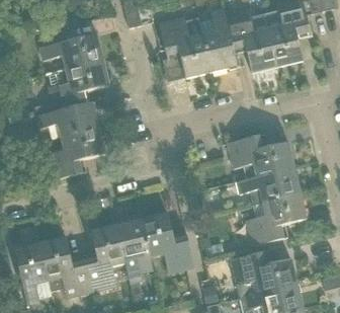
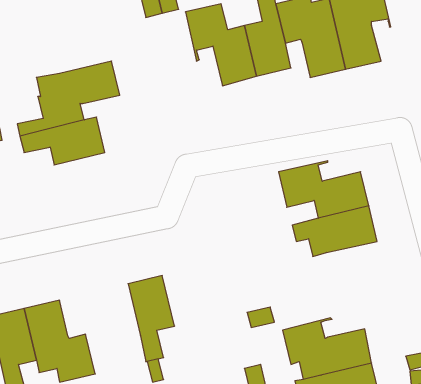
building: [40,33,104,69] -> none
building: [45,128,105,180] -> none
building: [247,193,307,245] -> none
building: [142,213,194,272] -> none
building: [83,225,125,292] -> none

